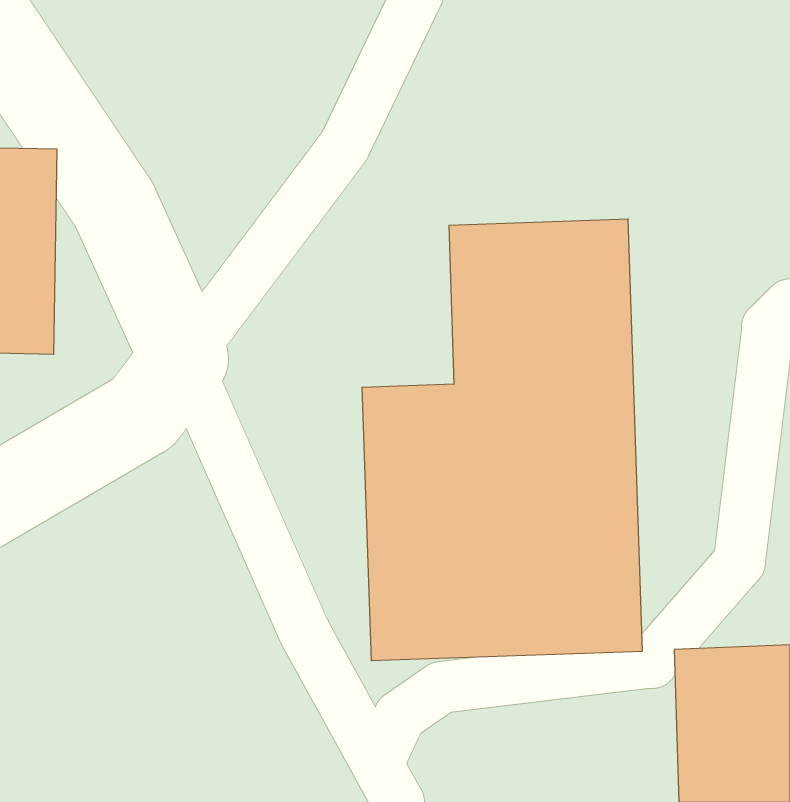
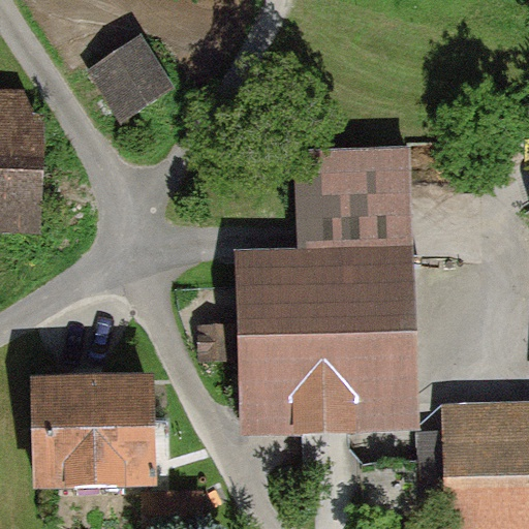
building: none -> [77,33,177,129]
building: none -> [34,375,163,491]

